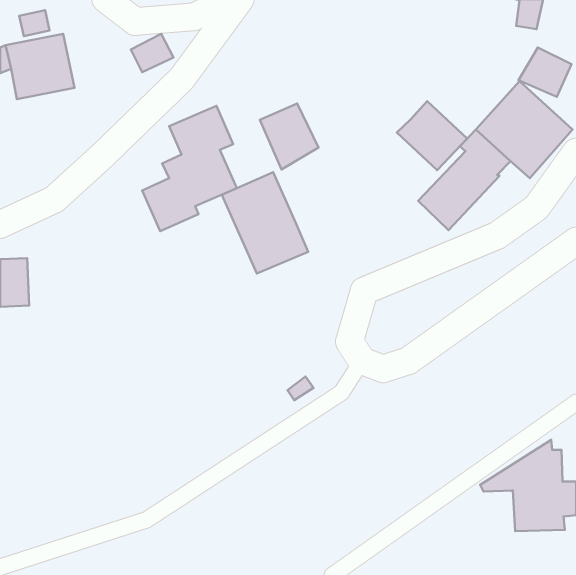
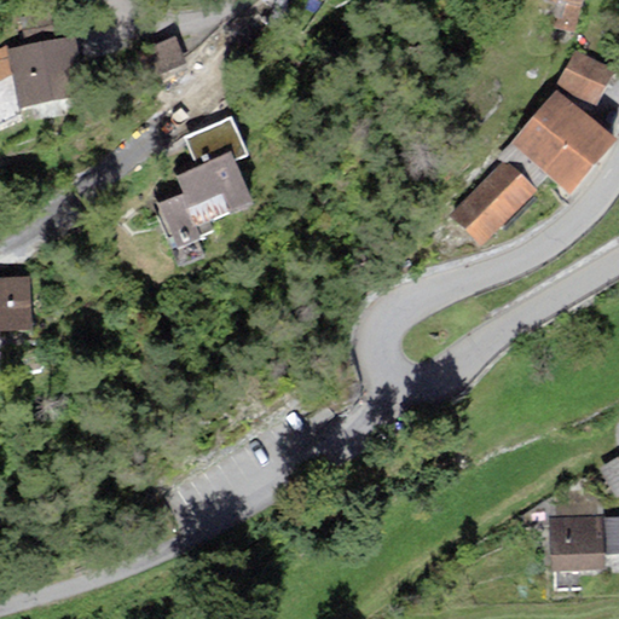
building: [397,101,467,170] -> none
building: [260,103,318,170] -> none
building: [222,172,308,274] -> none

